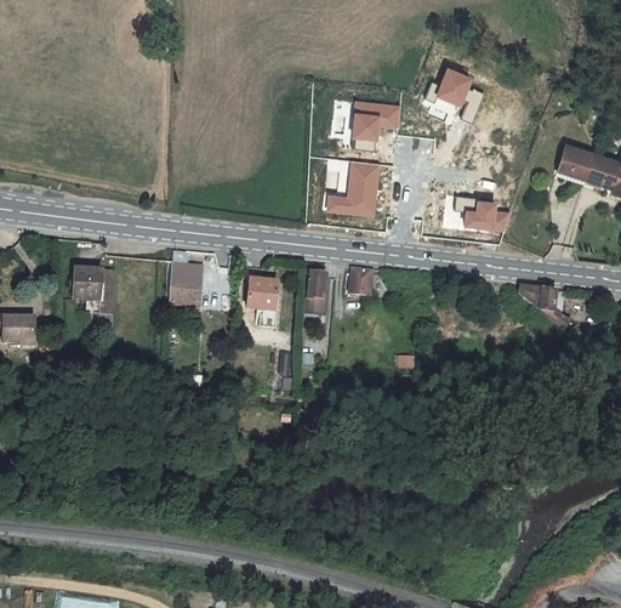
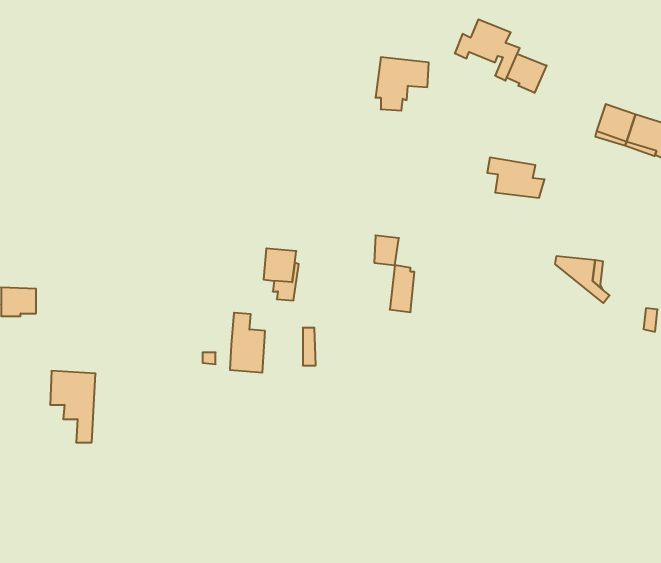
building: none -> [507,54,547,93]
building: [325,160,380,216] -> none
building: [169,249,201,305] -> [230,313,265,373]
building: [72,267,114,334] -> [50,371,96,442]
building: [304,271,327,314] -> [390,265,414,312]

